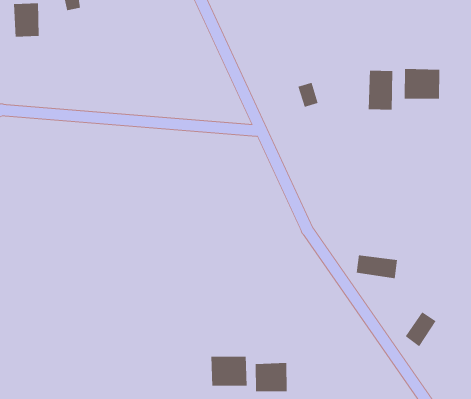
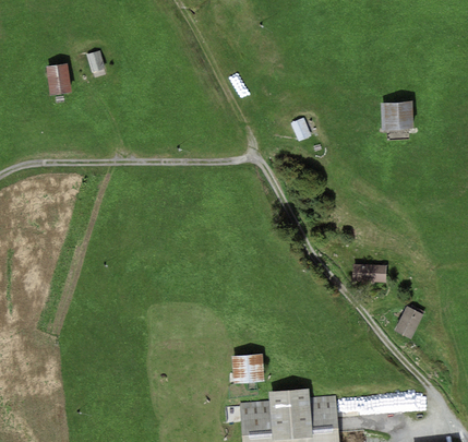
building: [368,70,393,110] -> none
building: [255,362,287,392] -> none

